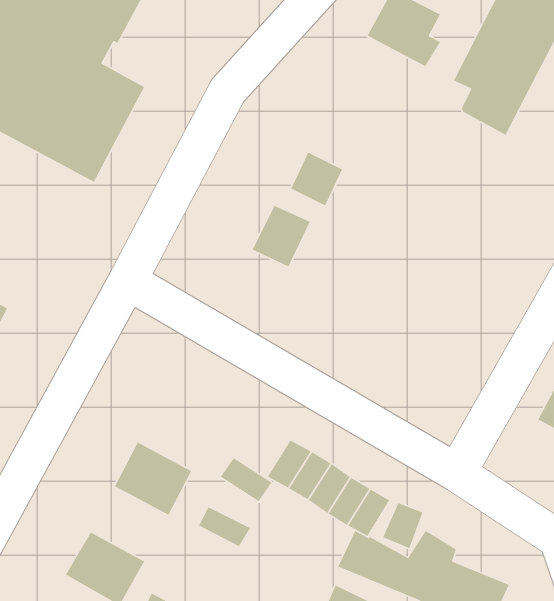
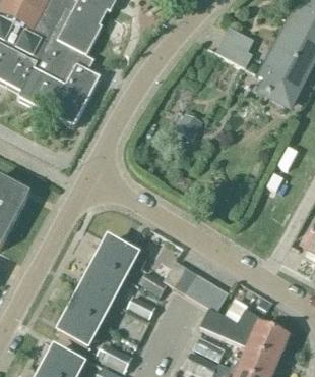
building: [251,205,311,268] -> none
building: none -> [96,237,137,276]
building: none -> [71,284,112,323]

